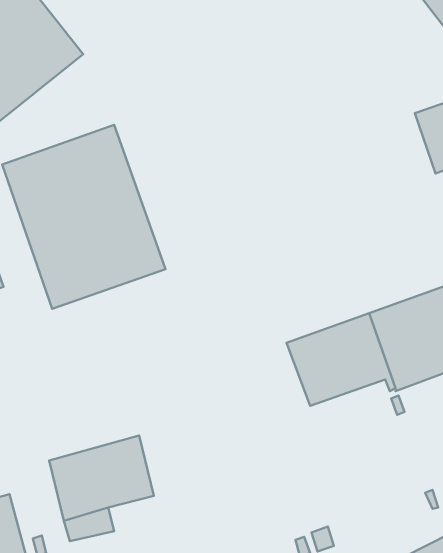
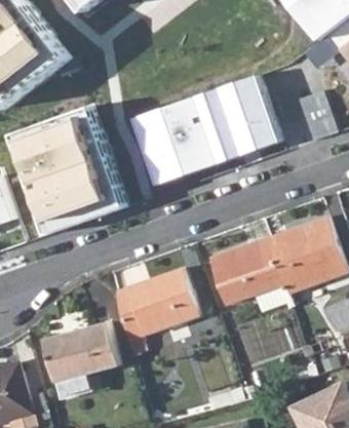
building: none -> [133,74,279,184]
building: none -> [113,267,199,350]

